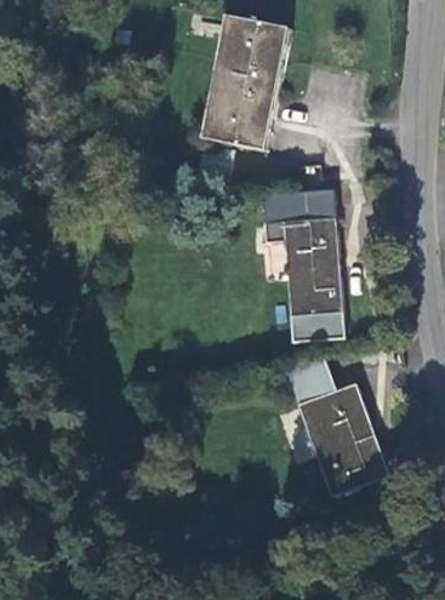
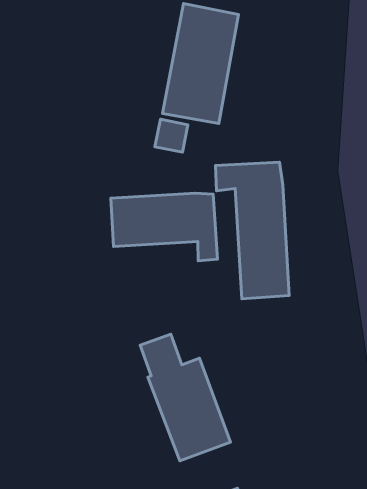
building: none -> [111,193,218,261]
building: [287,356,387,496] -> [140,334,230,461]

